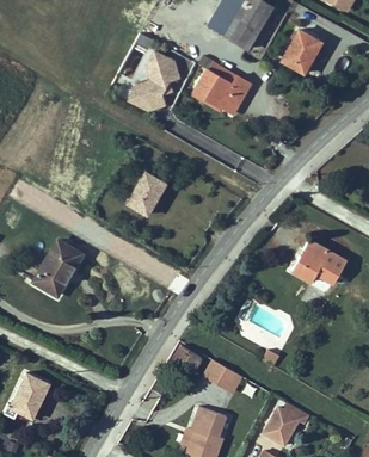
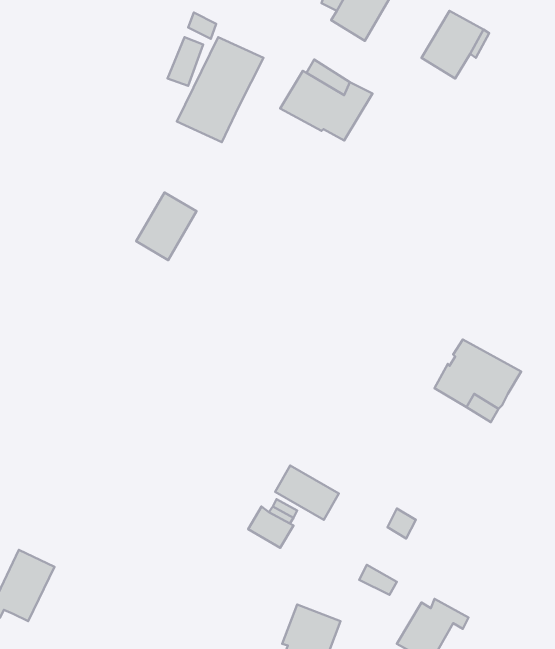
building: [127,172,165,215] -> [136,192,196,260]
building: [33,240,81,296] -> none
building: [204,360,245,395] -> [275,465,339,520]

